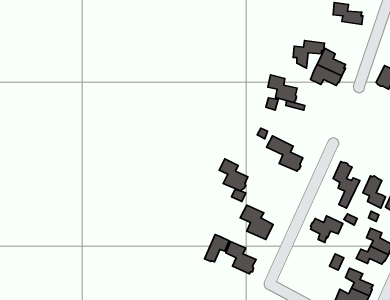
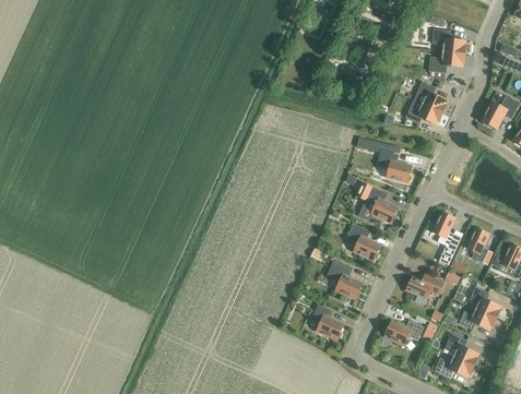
building: [293,40,324,68] -> [429,50,465,82]
building: [268,75,297,102] -> [378,150,412,181]
building: [219,159,248,191] -> [347,223,380,260]
building: [205,234,229,262] -> none
building: none -> [384,320,423,345]

